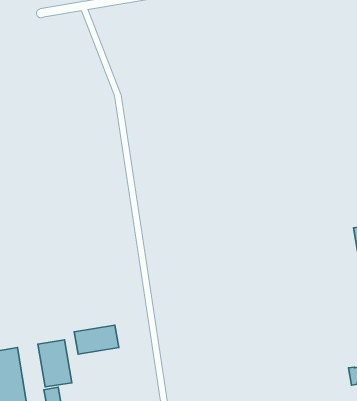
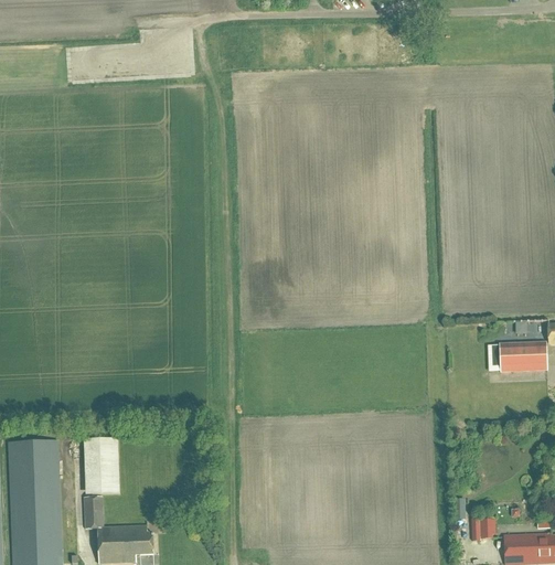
building: [74,325,119,354] -> none

